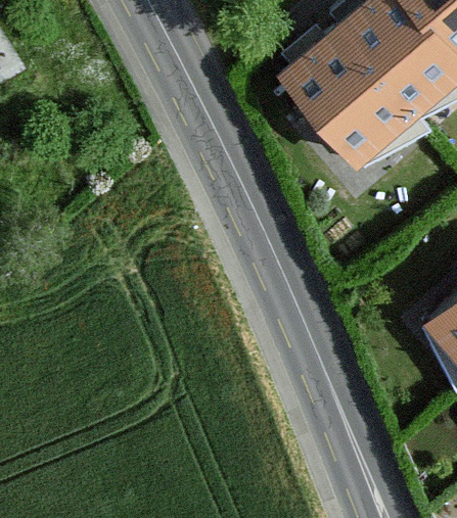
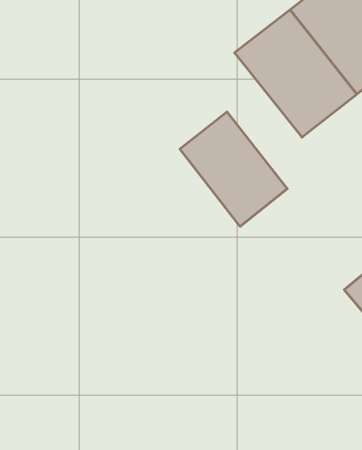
building: none -> [180,112,287,226]

